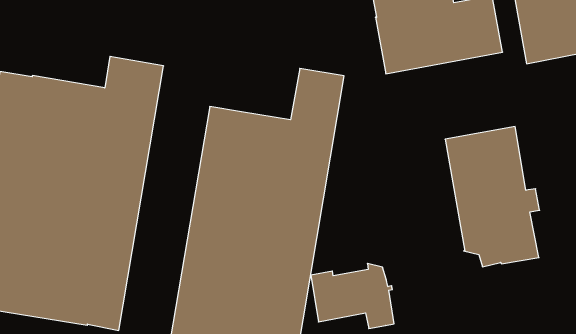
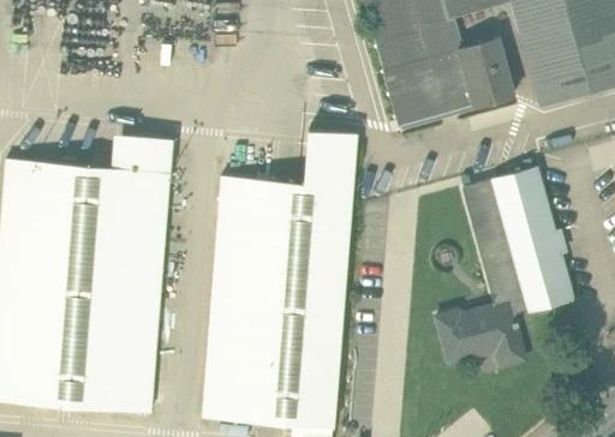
building: [311,263,394,329] -> [436,301,525,367]

